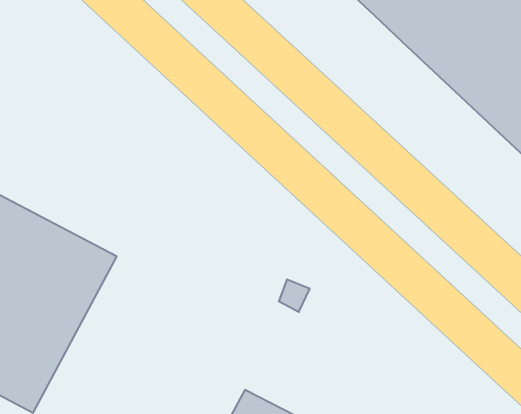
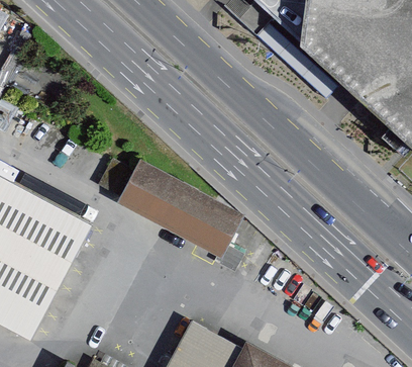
building: none -> [117,155,238,248]

